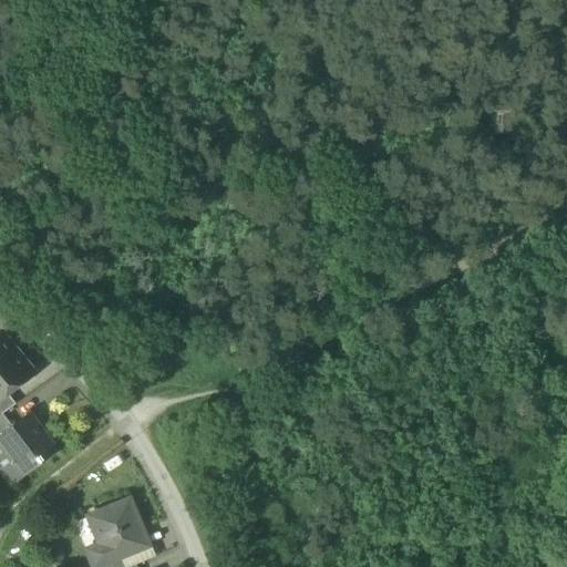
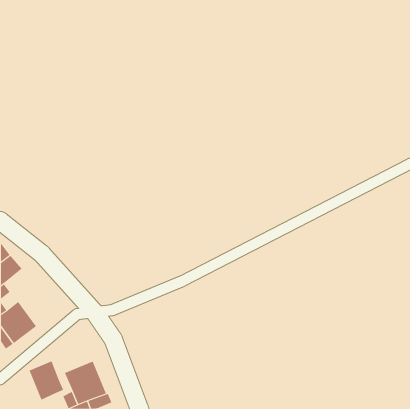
building: none -> [29,361,64,400]

